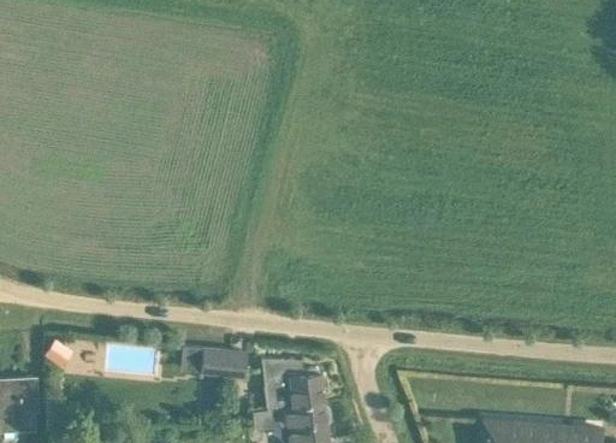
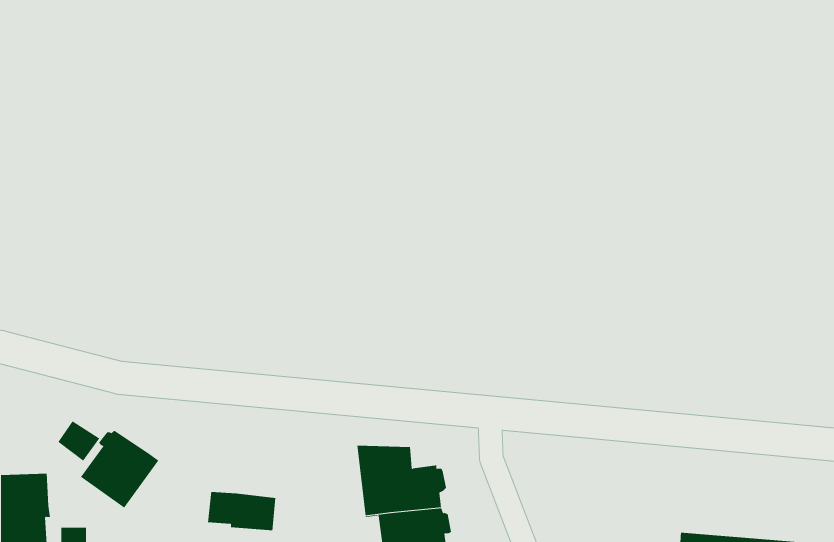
building: none -> [80,430,168,509]
building: [180,347,231,376] -> [207,491,276,531]

